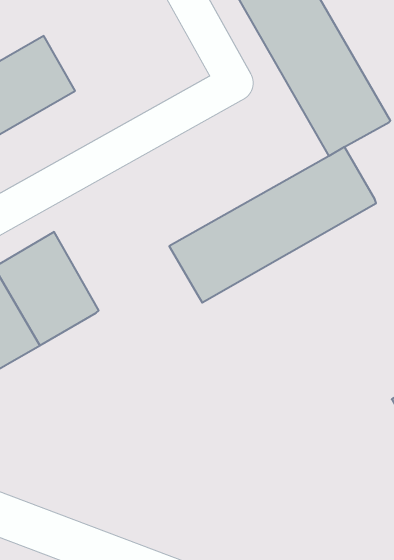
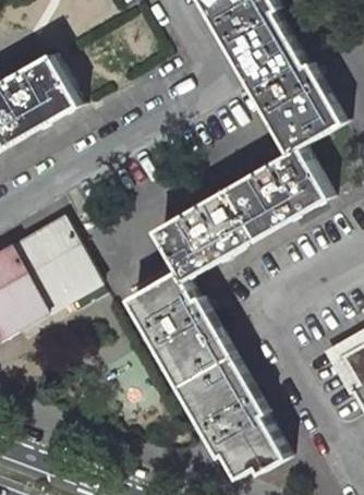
building: none -> [133,270,288,476]

